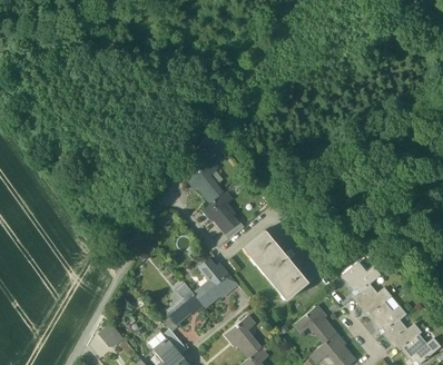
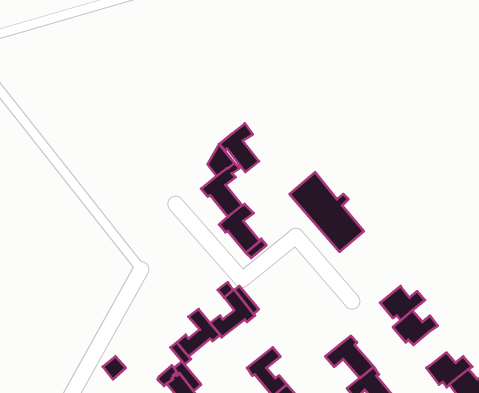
building: none -> [219,123,259,172]
building: [244,230,308,299] -> [290,172,364,252]
building: [368,302,407,332] -> none

